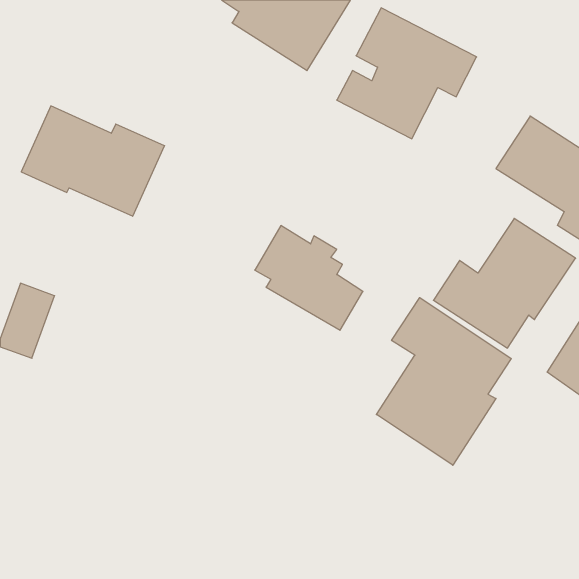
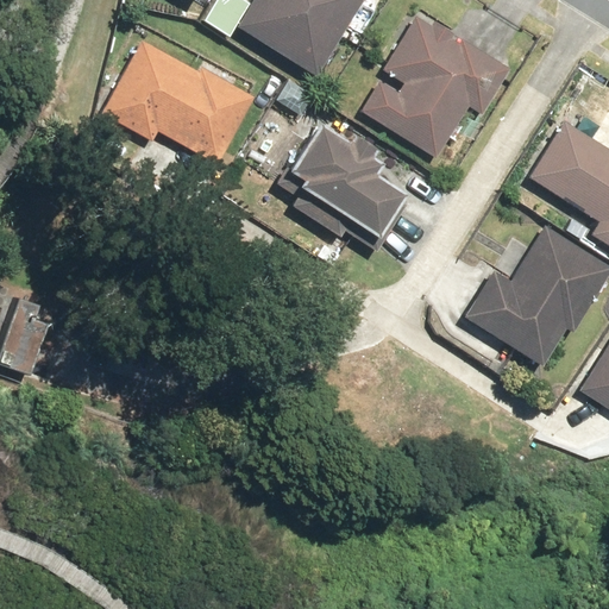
building: [21,106,165,216] -> [112,45,262,161]
building: [255,226,363,330] -> [300,124,413,233]
building: [376,298,511,465] -> none

